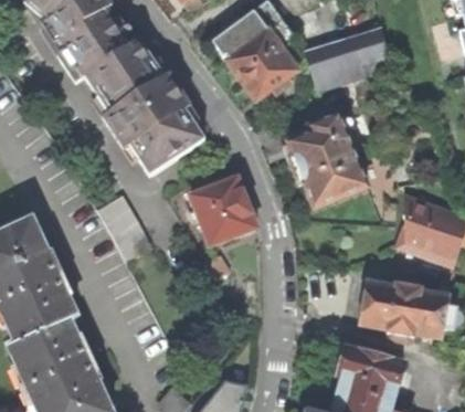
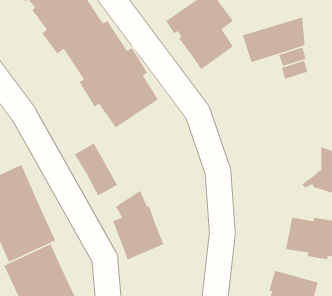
building: [284,114,368,208] -> none
building: [191,155,256,243] -> [112,190,164,260]

